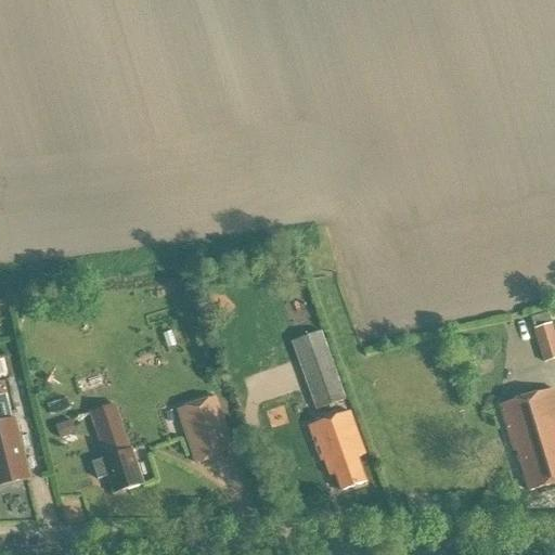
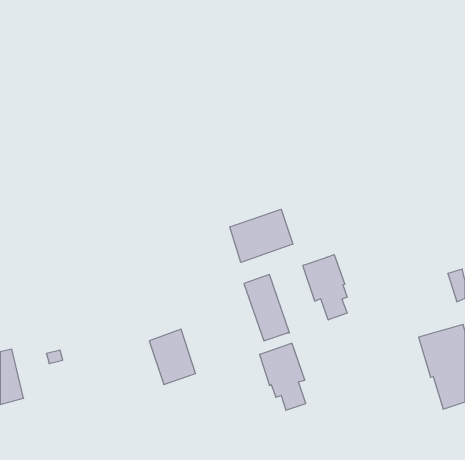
building: none -> [230,209,293,262]
building: none -> [303,255,347,320]
building: [92,404,143,491] -> none

